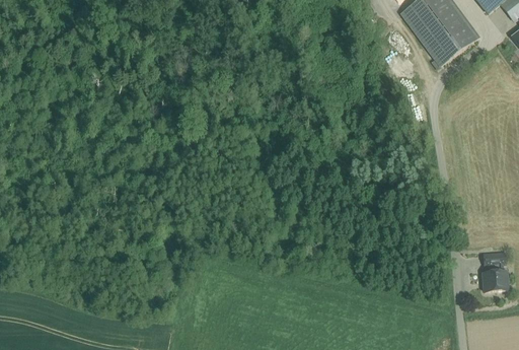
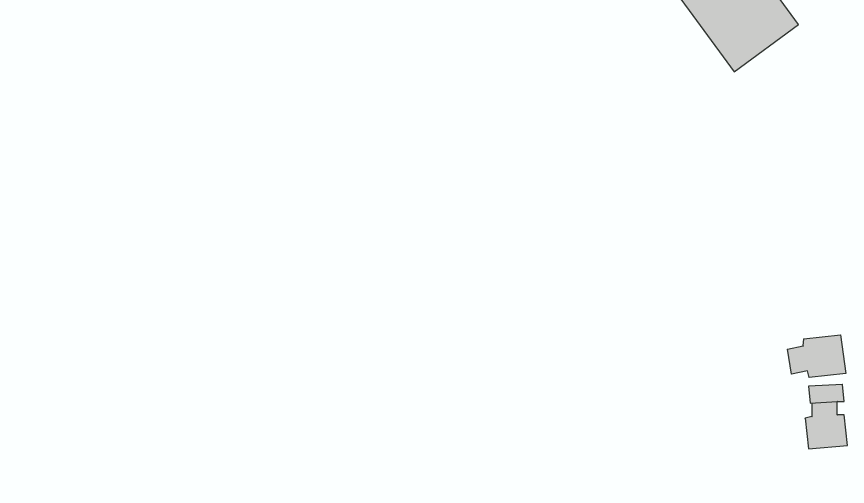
building: none -> [787,335,846,377]

